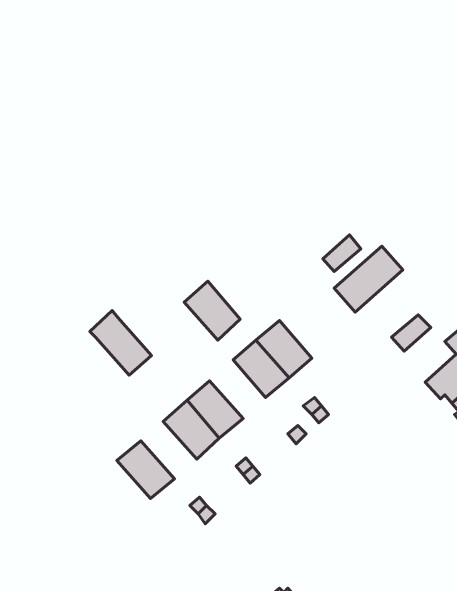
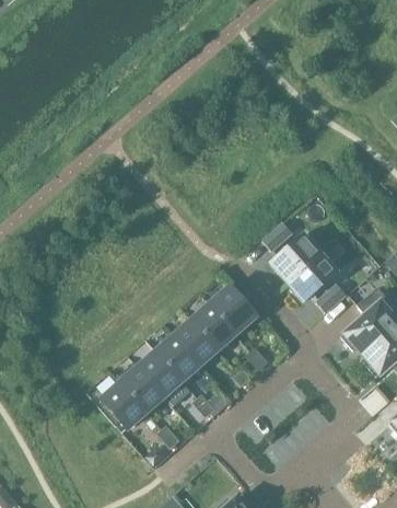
building: none -> [287,250,335,301]
building: [184,281,240,340] -> [173,320,217,366]
building: [90,311,151,375] -> [115,362,163,413]

